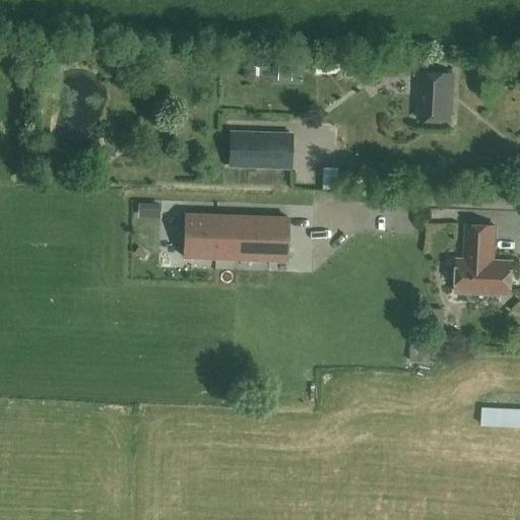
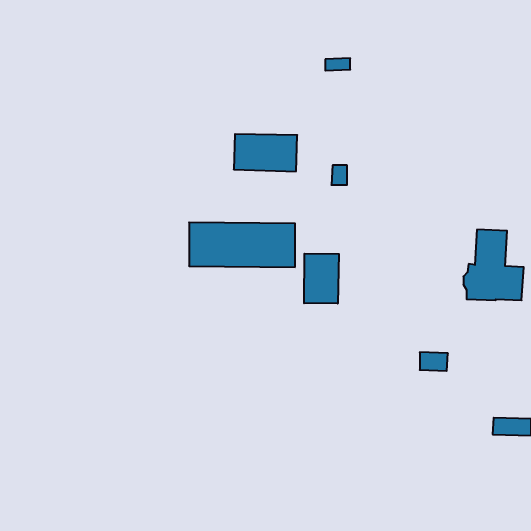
building: [418,72,453,120] -> none
building: none -> [304,254,339,304]

